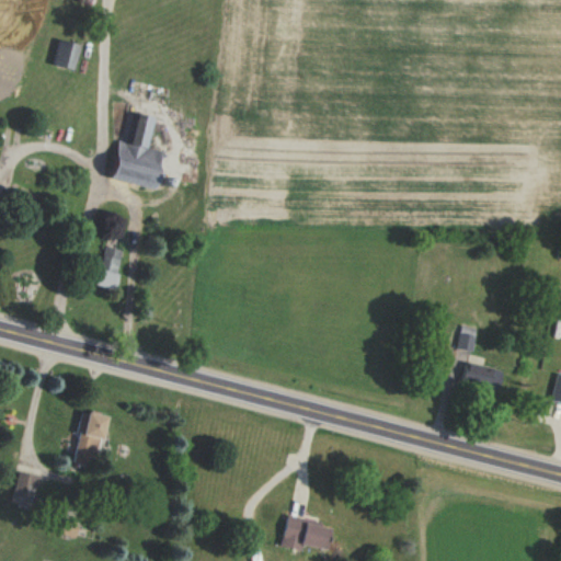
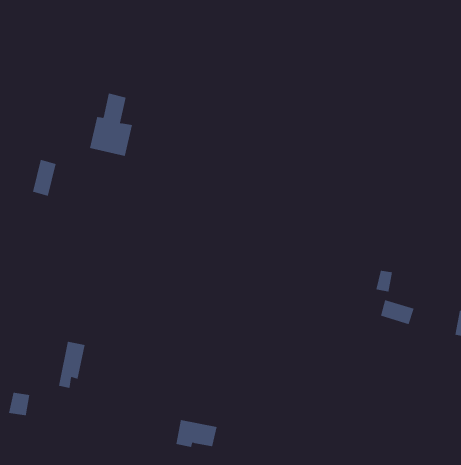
building: [55,39,80,70] -> none
building: [94,244,124,289] -> [32,159,57,196]
building: [283,516,333,550] -> [176,419,217,448]

